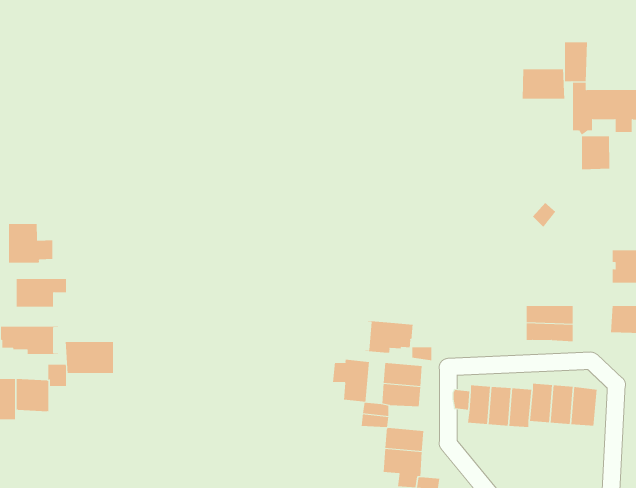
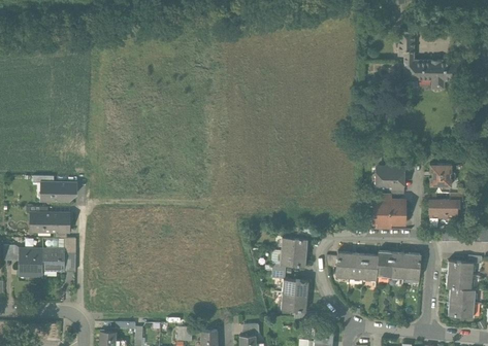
building: [522,68,565,99] -> none
building: [582,136,610,170] -> none
building: [8,223,53,264] -> none
building: none -> [378,166,402,188]
building: [365,320,413,354] -> none
building: [65,341,114,374] -> none
building: [333,359,369,402] -> none

